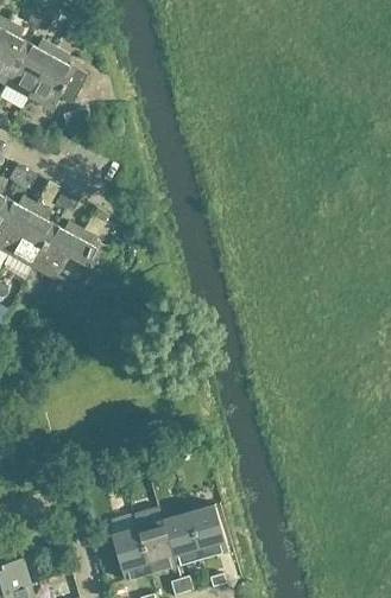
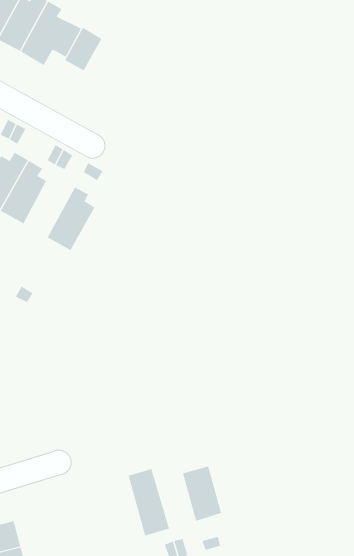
building: none -> [64,27,102,71]
building: [32,222,82,280] -> none
building: [162,511,201,566] -> none
building: [111,526,151,580] -> none

